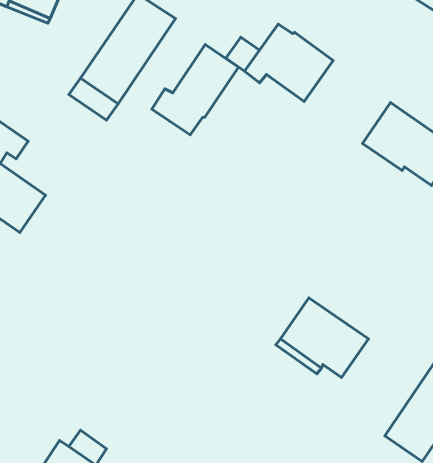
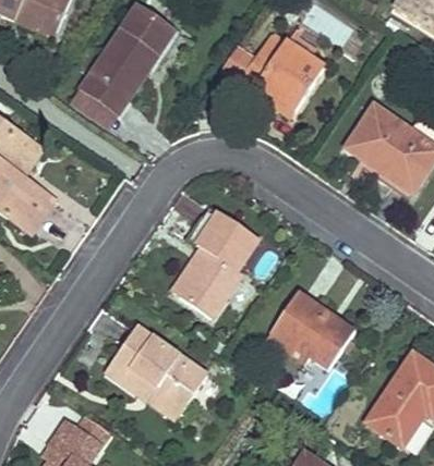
building: [152,44,239,135] -> none
building: none -> [180,210,258,314]
building: none -> [105,326,204,412]

